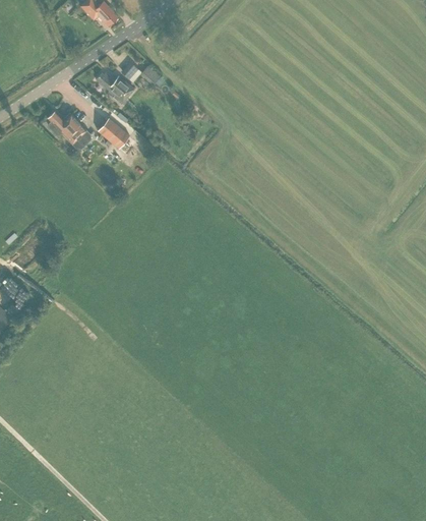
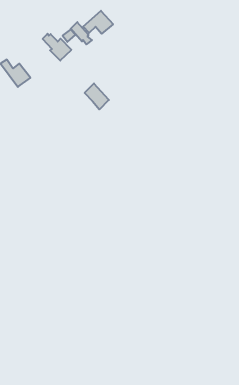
building: none -> [83,11,113,34]
building: [98,117,129,149] -> [85,83,109,109]

